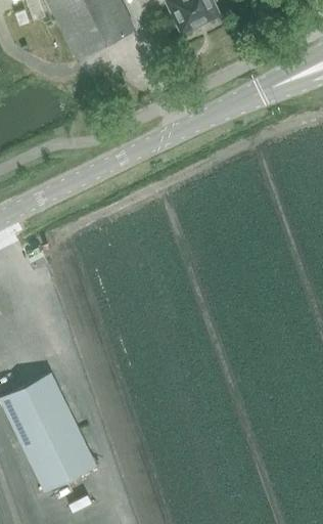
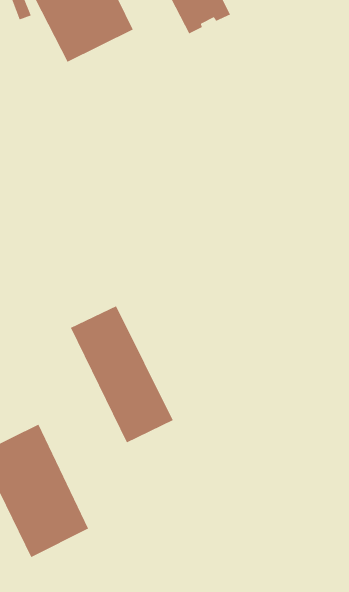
building: none -> [70,305,174,443]

